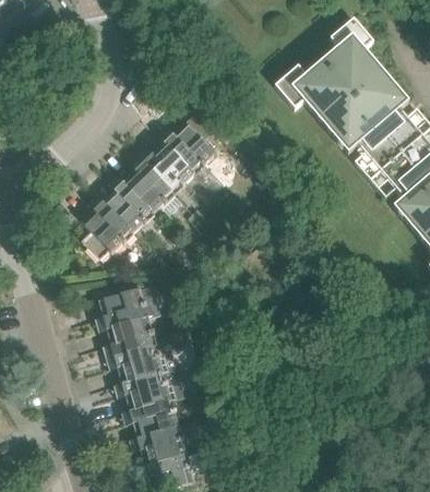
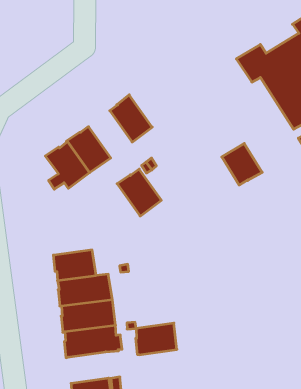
building: [163,121,215,172] -> none
building: [122,161,174,213] -> [117,169,161,216]
building: none -> [222,143,262,185]
building: [97,285,147,328] -> none
building: [139,425,187,466] -> [136,323,177,355]

